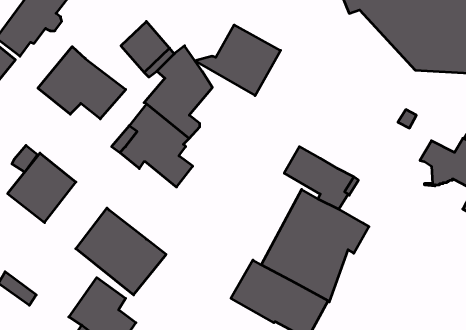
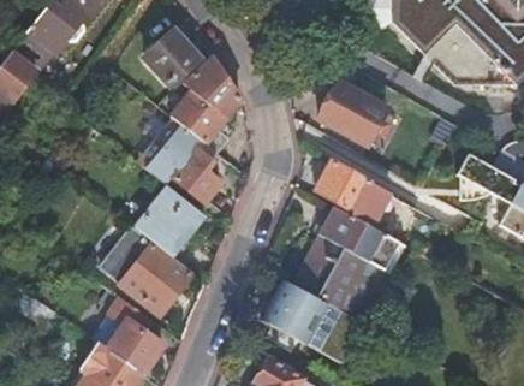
building: [195,25,281,96] -> [299,82,388,155]
building: [38,47,126,119] -> none
building: [8,153,76,223] -> [133,184,204,256]

